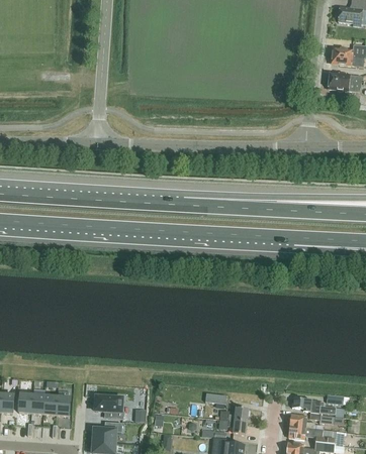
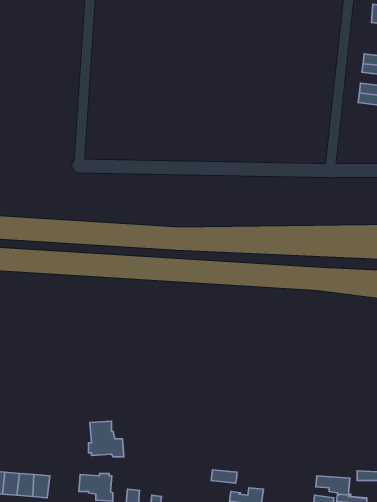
building: none -> [88,421,124,457]

